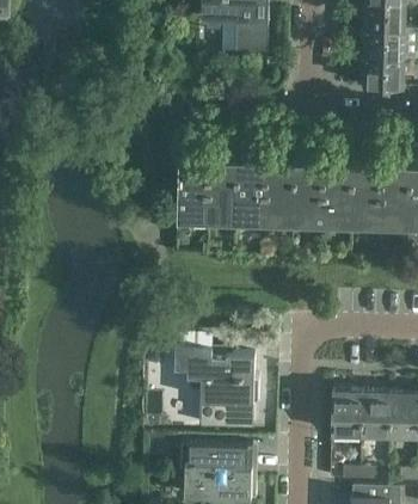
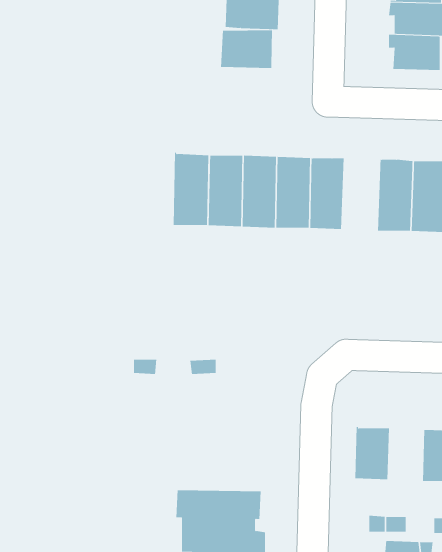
building: none -> [221,30,272,69]
building: [320,165,352,228] -> none
building: [174,352,258,431] -> none
building: [359,395,389,441] -> none

